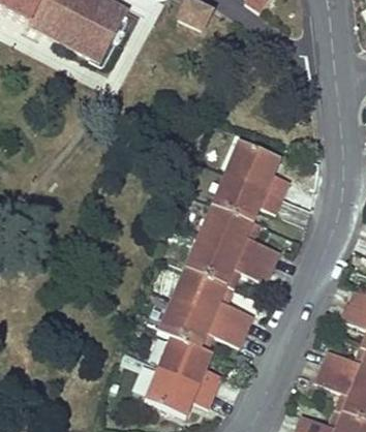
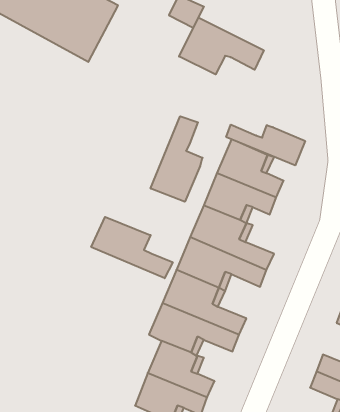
building: none -> [179,17,264,74]
building: none -> [151,116,203,202]
building: none -> [226,125,305,165]
building: none -> [91,217,173,278]

